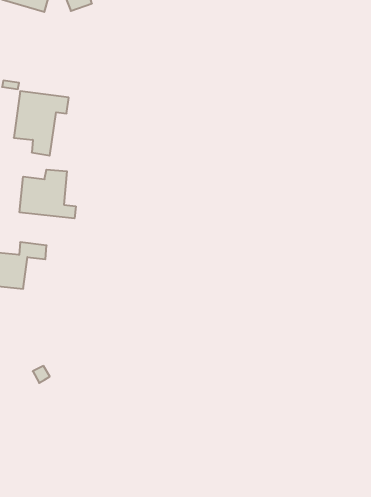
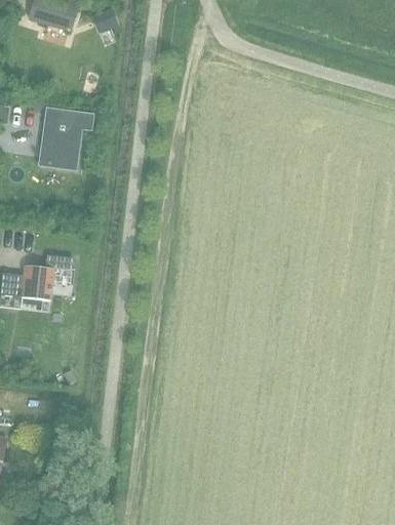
building: [20,170,76,218] -> none

